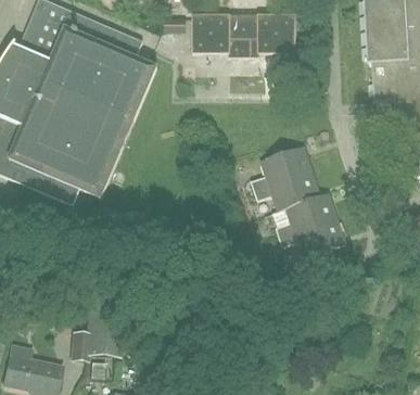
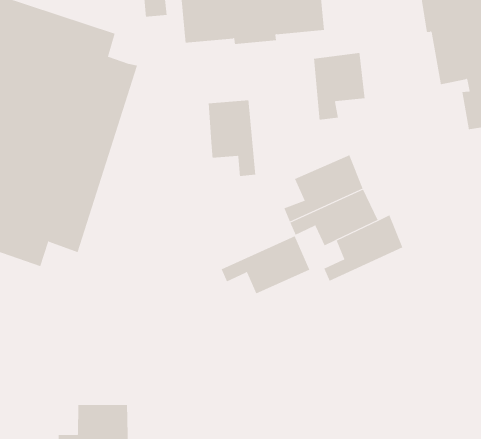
building: none -> [313,52,365,121]
building: none -> [208,99,256,177]
building: [280,218,345,258] -> [221,235,310,294]

